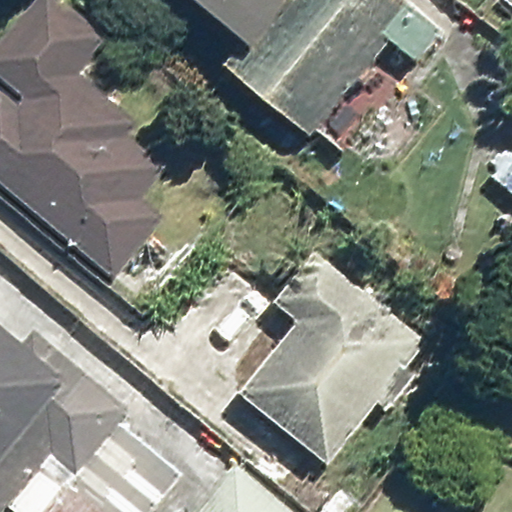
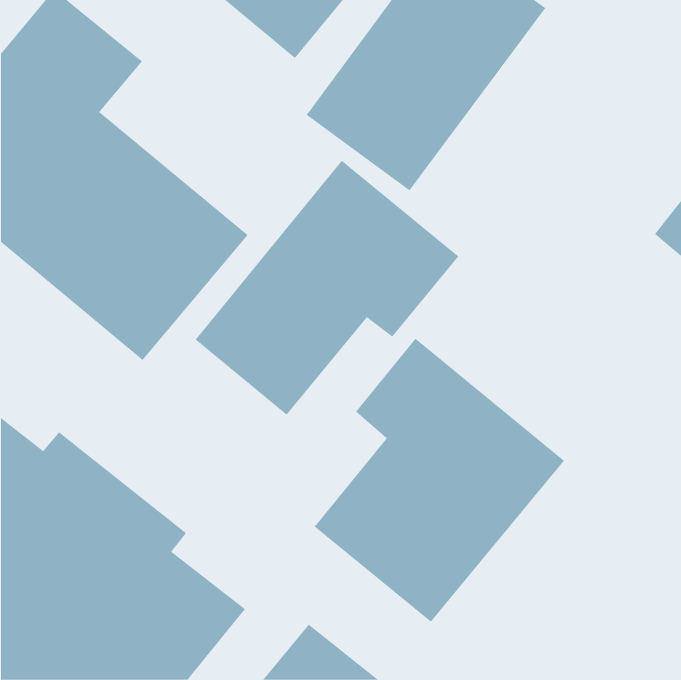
building: none -> [195,160,459,416]

